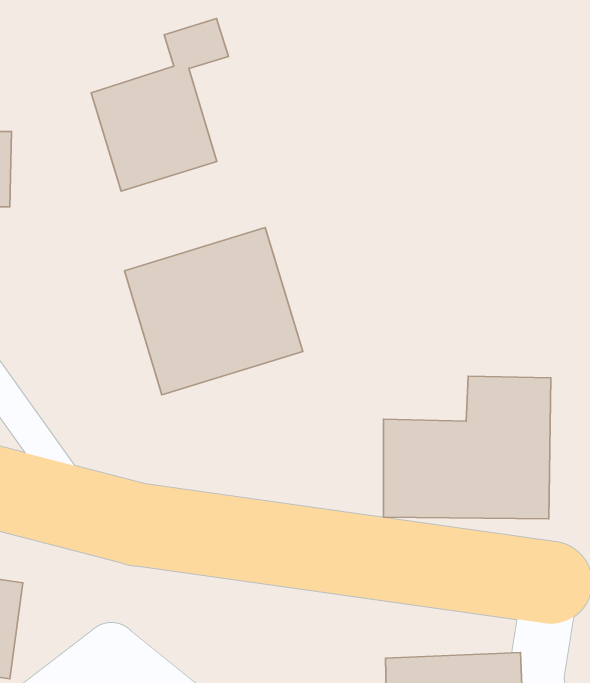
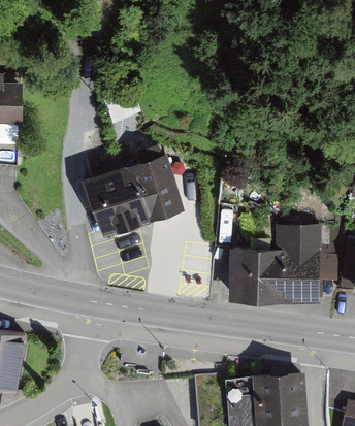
building: [91,18,229,191] -> none

